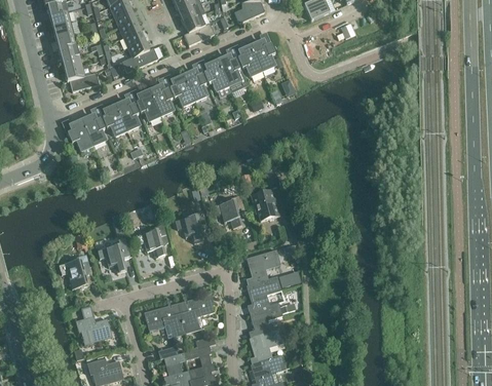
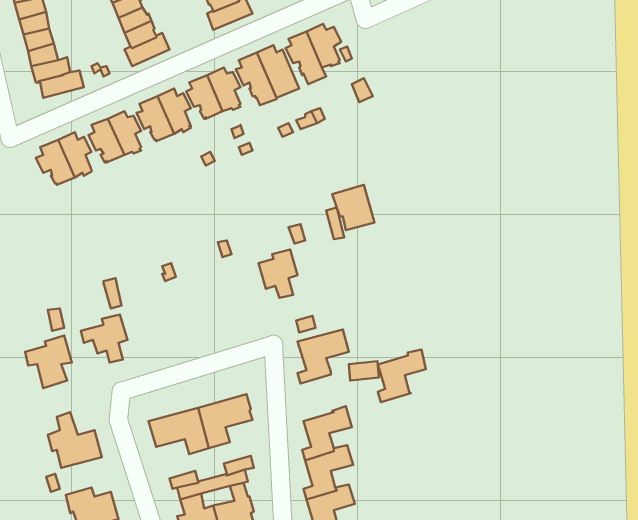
building: [251,189,279,220] -> [332,185,374,230]
building: [175,208,206,242] -> none
building: [137,224,168,257] -> none
building: [248,275,280,311] -> [378,350,426,402]

